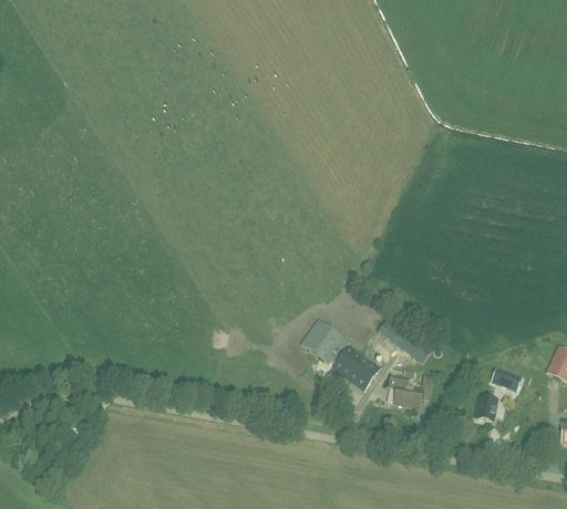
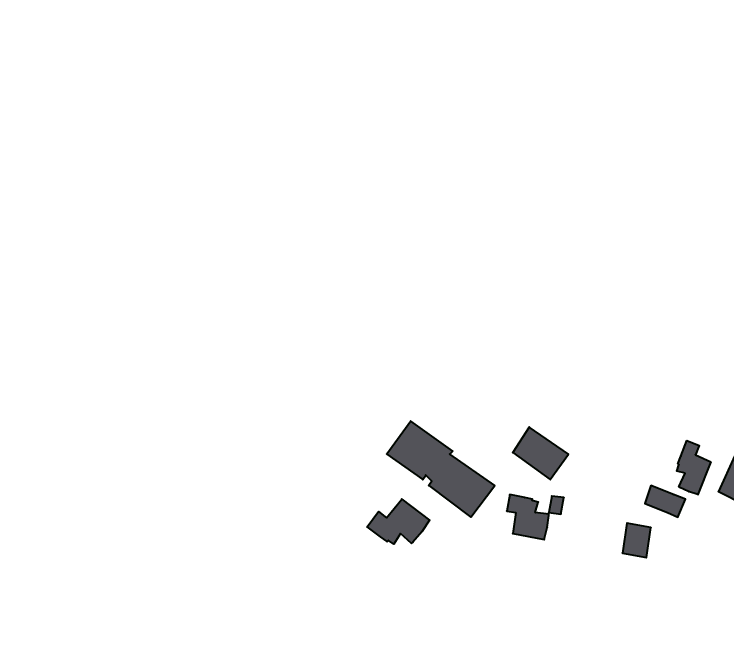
building: none -> [677,441,711,495]
building: none -> [367,499,430,544]

